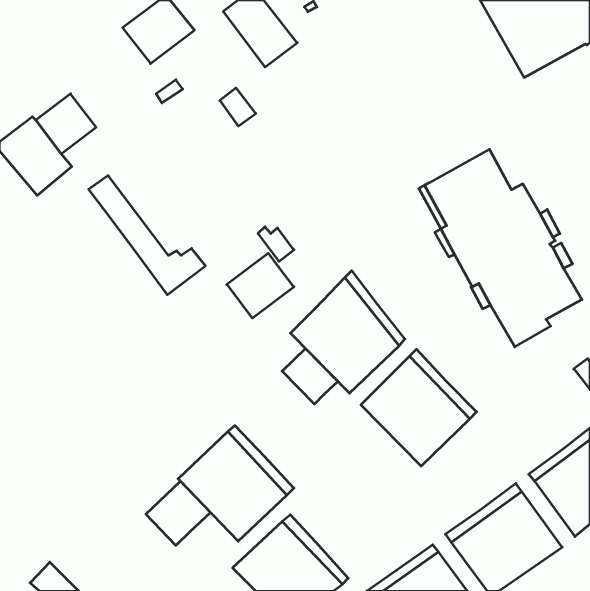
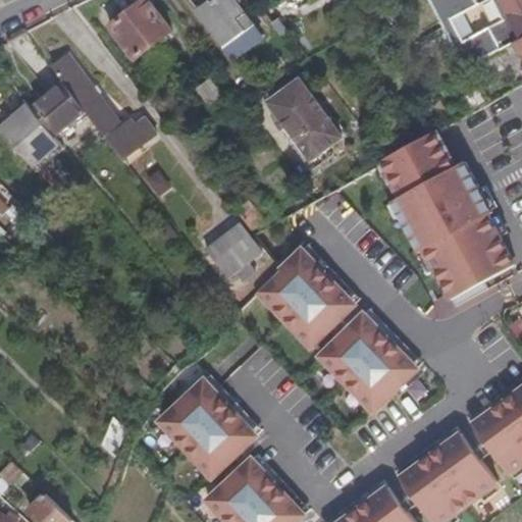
building: none -> [267,80,341,159]
building: [89,176,205,295] -> [50,54,153,159]
building: [282,348,338,404] -> none
building: [146,481,210,545] -> none

